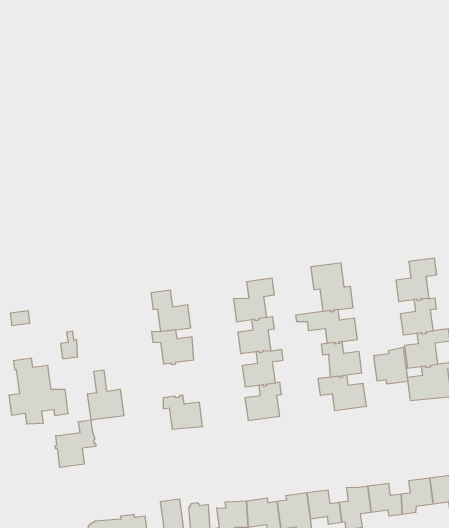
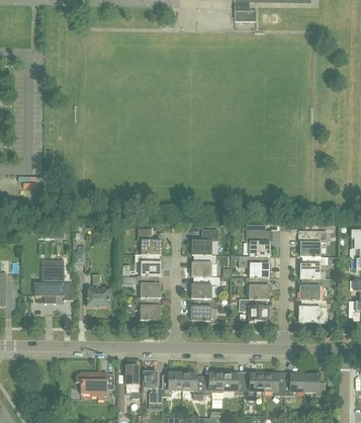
building: [374,347,408,384] -> none
building: none -> [137,275,160,299]
building: [55,420,96,467] -> none

